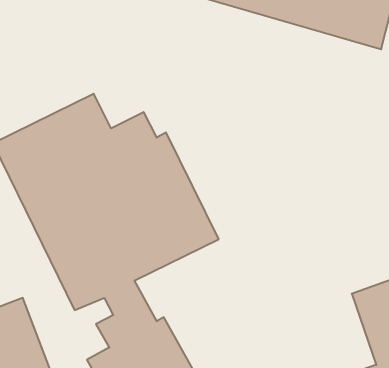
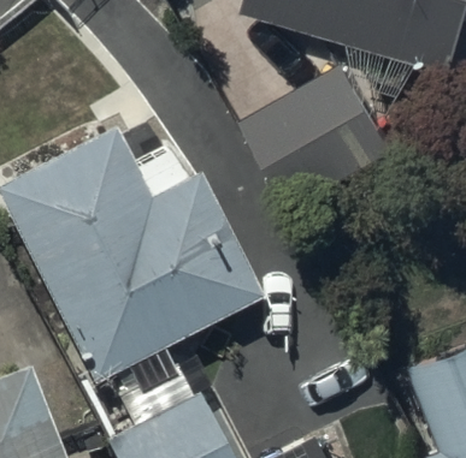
building: none -> [246,60,399,207]

